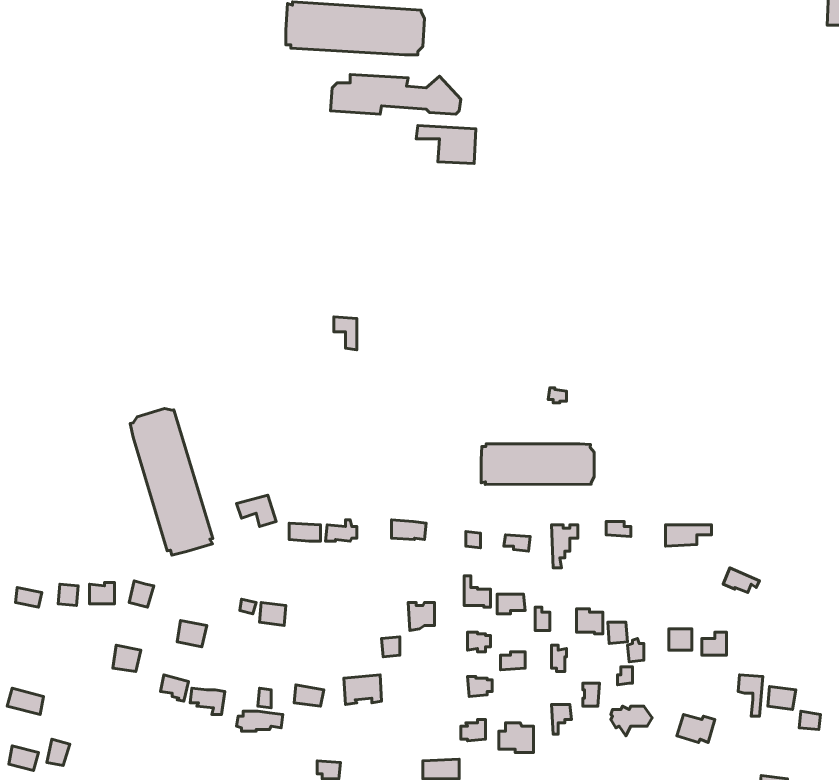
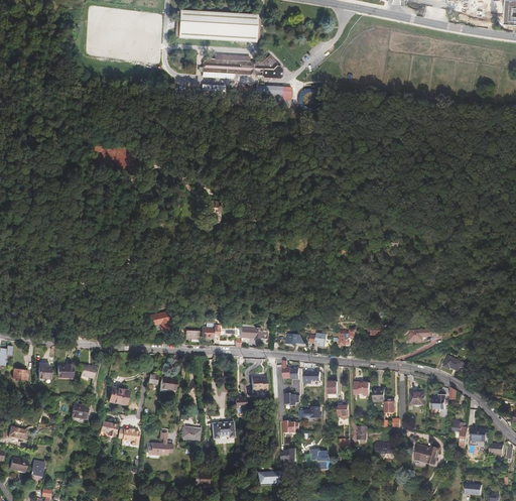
building: [130,408,213,555] -> none
building: [481,444,594,485] -> none

